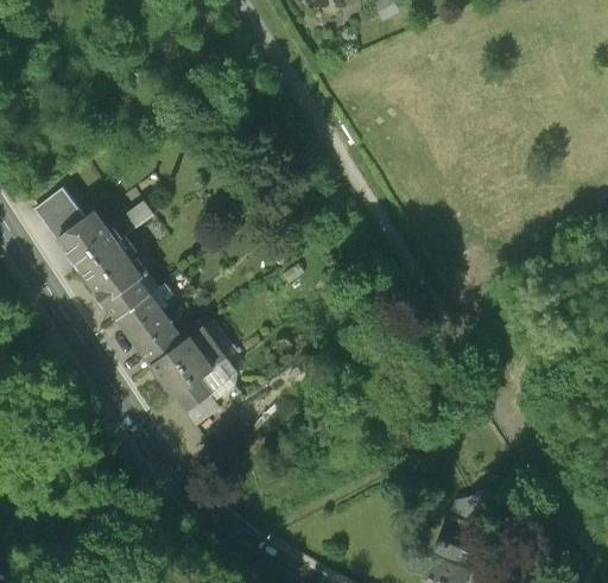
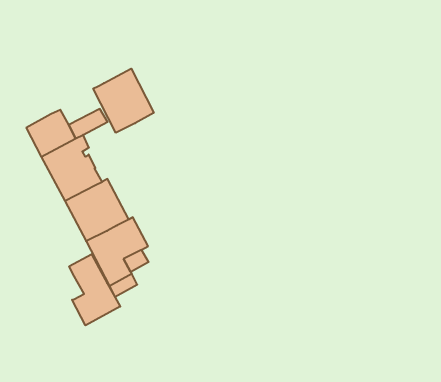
building: none -> [93,69,154,133]
building: [34,190,83,239] -> none
building: none -> [69,254,120,325]

